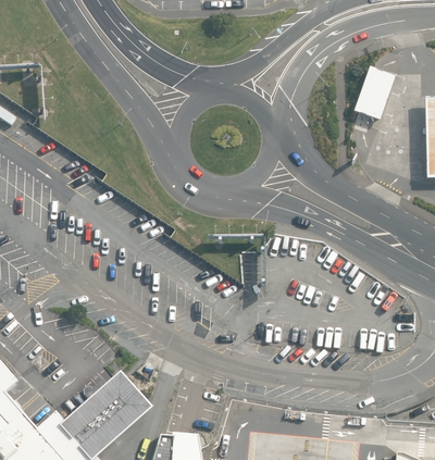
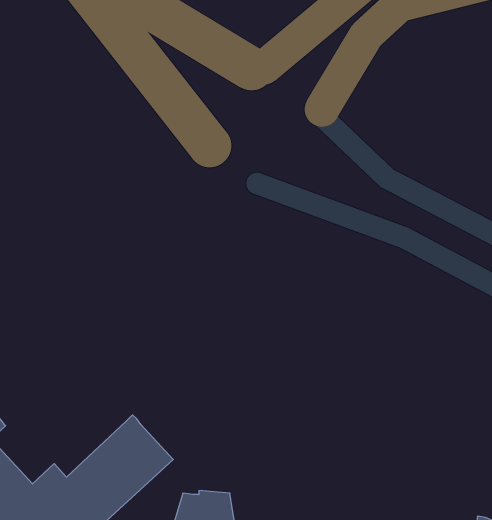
building: [353,66,396,121] -> none

